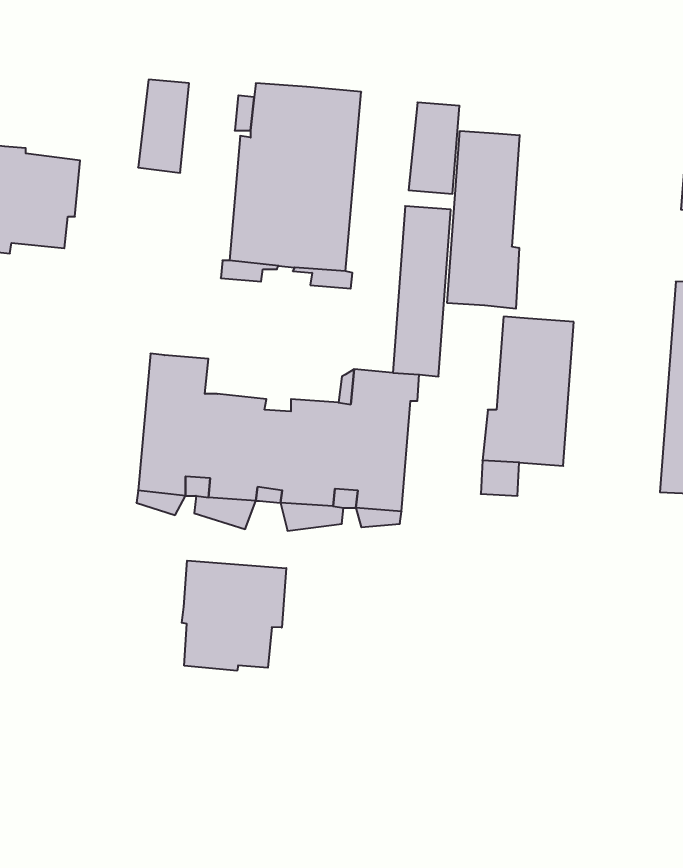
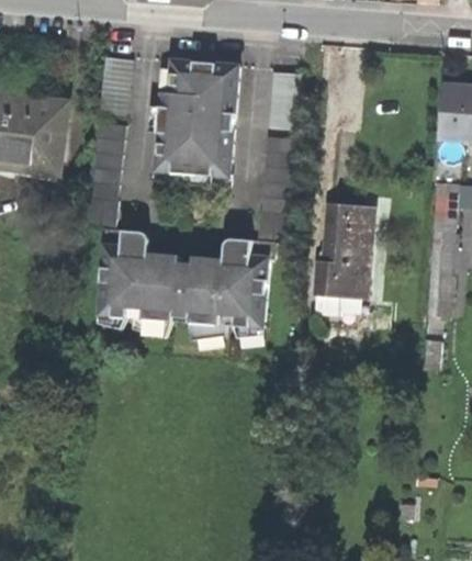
building: [447,131,520,309] -> none
building: none -> [86,119,127,227]
building: [182,561,286,671] -> none

